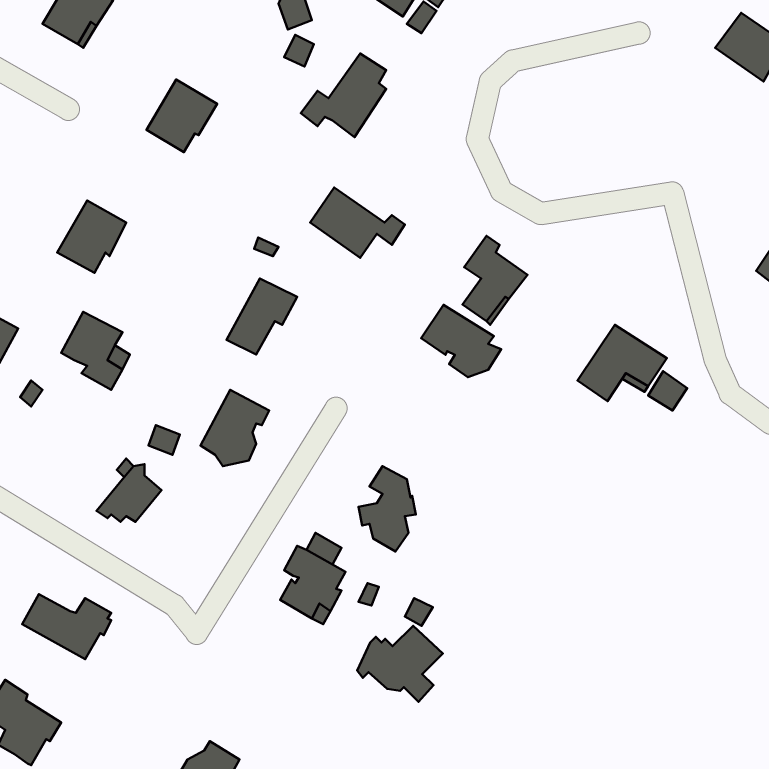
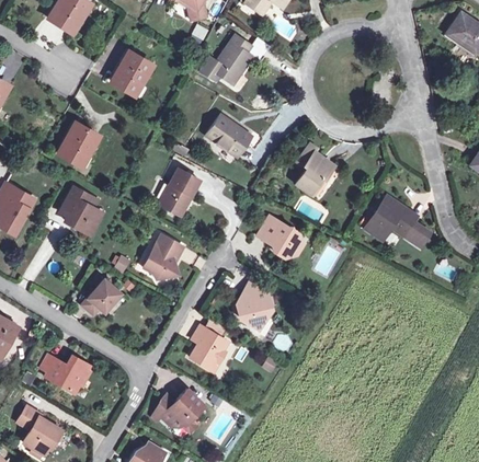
building: [421,305,501,377] -> [256,216,304,258]
building: [357,626,443,702] -> [153,389,204,434]

